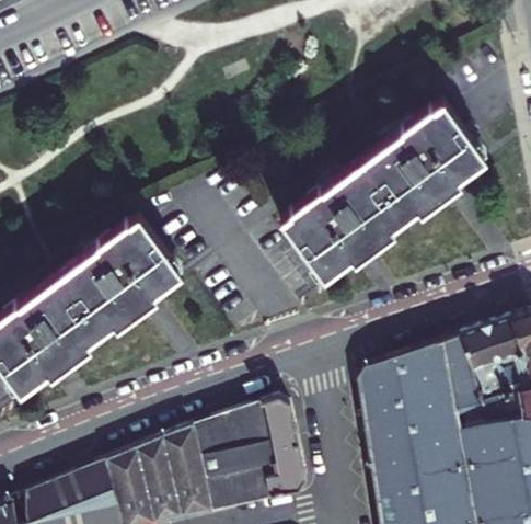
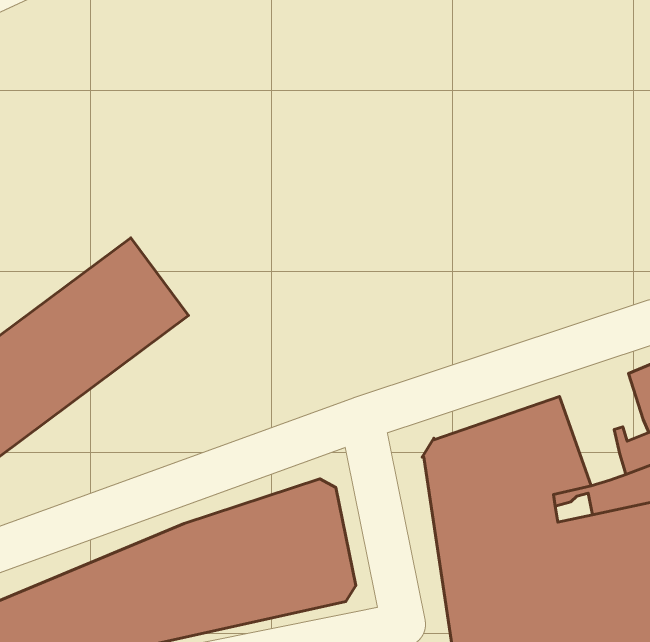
building: [279,102,485,281] -> none
building: [461,319,524,405] -> none

